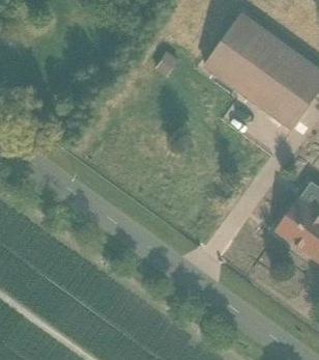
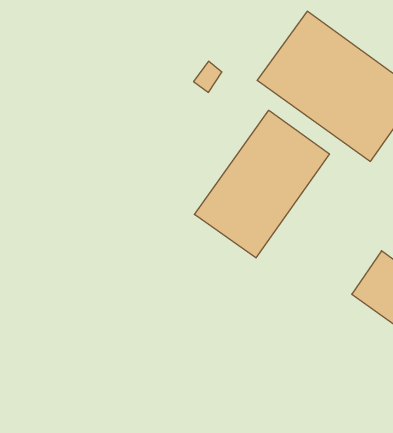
building: none -> [194,110,329,258]

